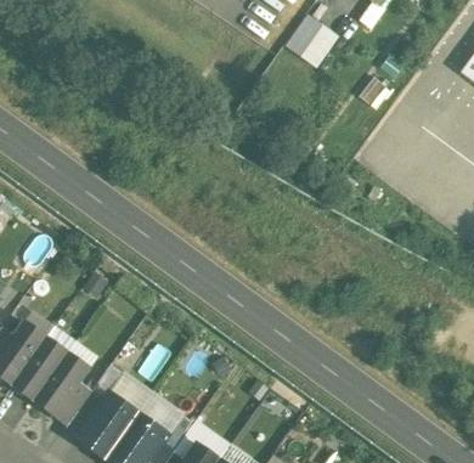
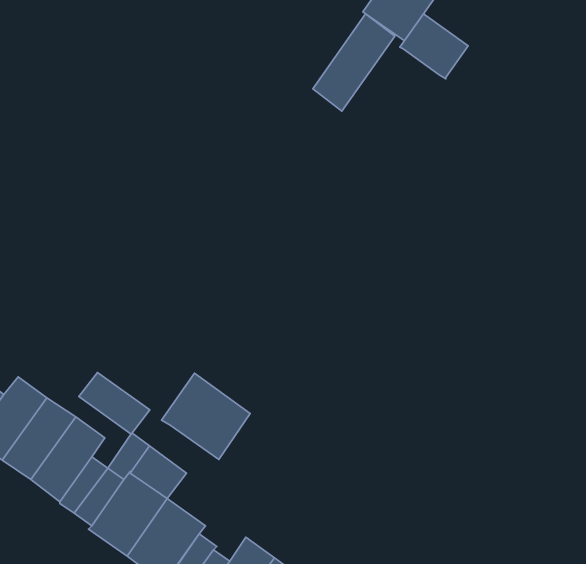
building: none -> [400,14,468,79]
building: none -> [313,14,395,111]
building: none -> [79,372,150,434]
building: none -> [162,373,250,459]

